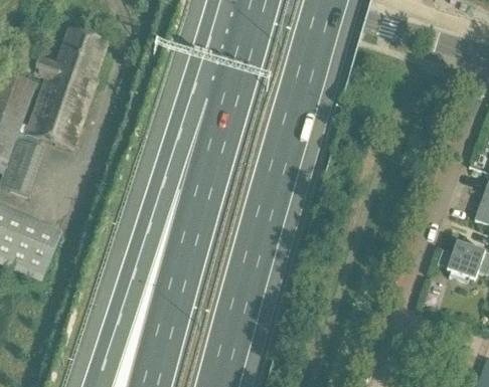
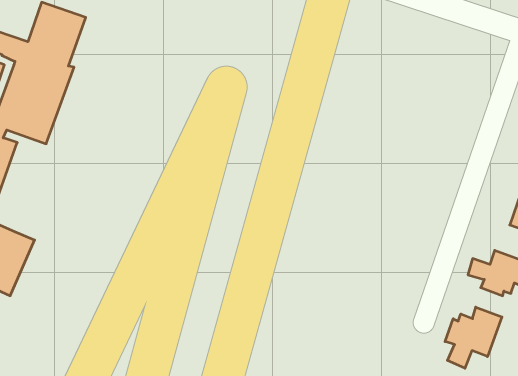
building: none -> [445,307,502,368]

